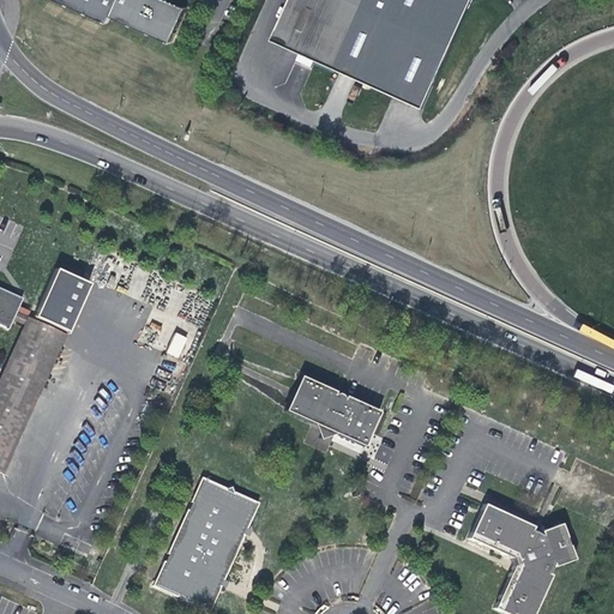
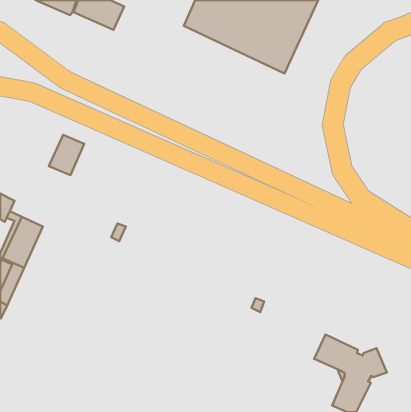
building: [35,272,88,332] -> [49,135,84,175]
building: [285,371,380,441] -> none
building: [152,471,259,607] -> none

